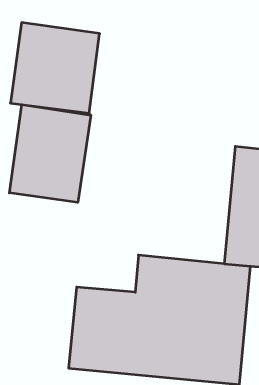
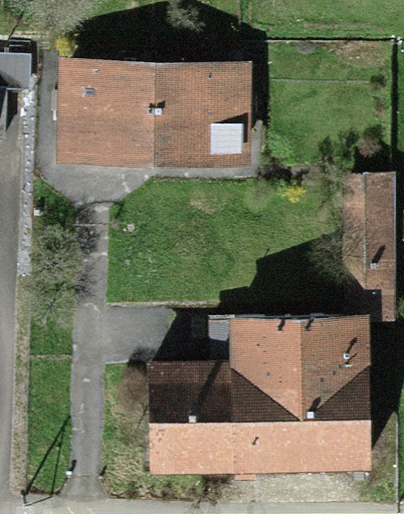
building: none -> [151,65,246,164]
building: [9,105,91,202] -> none

